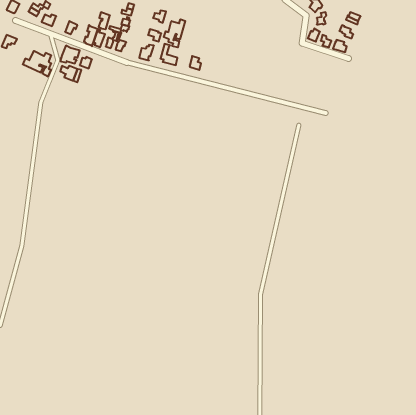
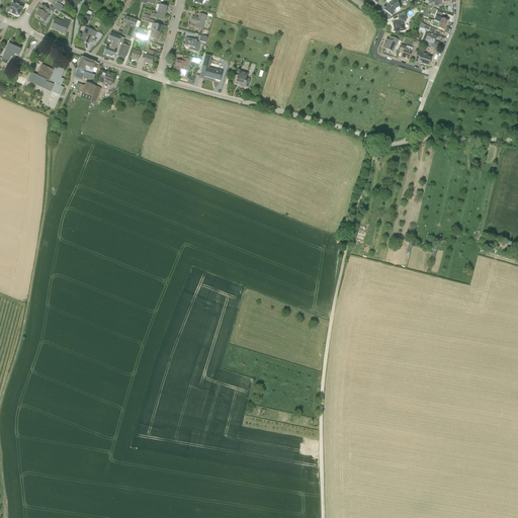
building: [164,19,185,47] -> none

